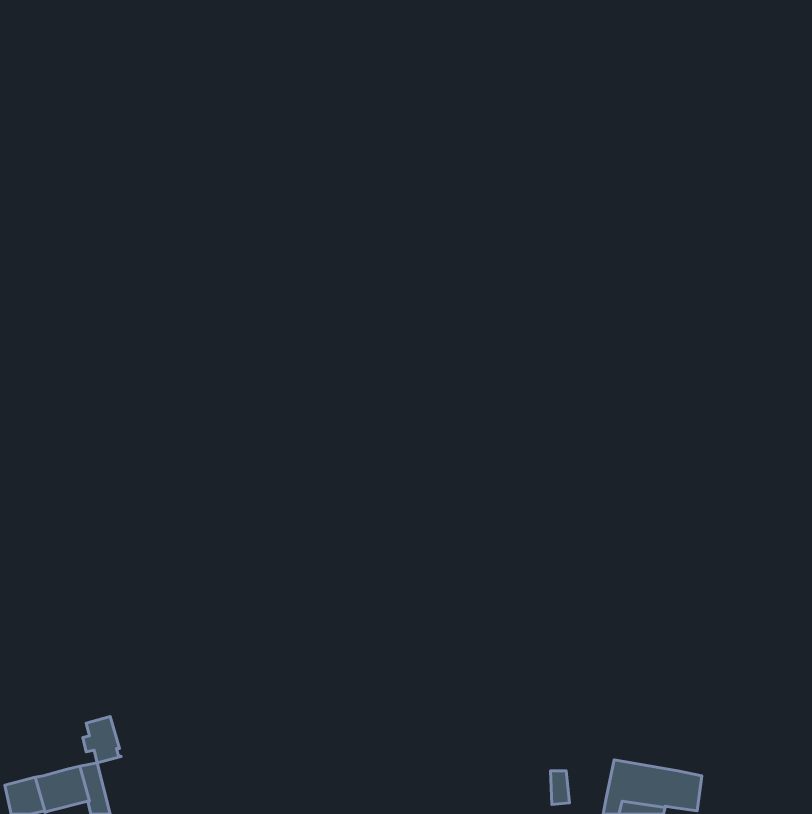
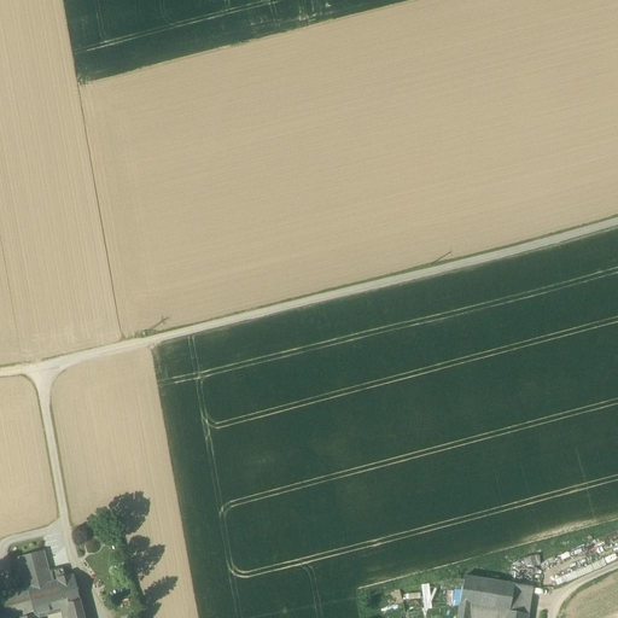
building: [83,717,121,763] -> [24,552,53,587]

